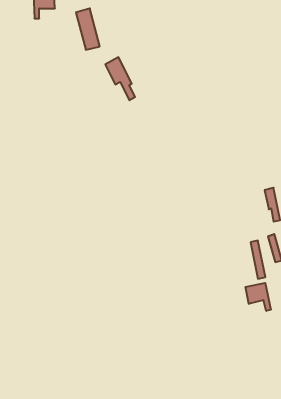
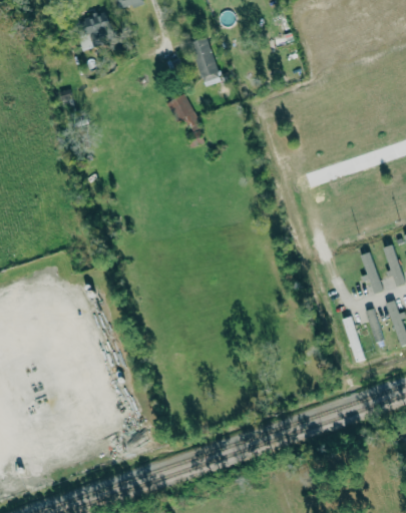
building: [76,8,100,50] -> [190,36,220,86]
building: [246,283,271,311] -> none

